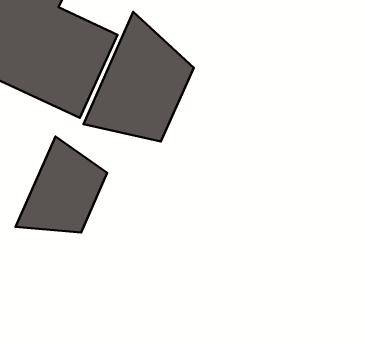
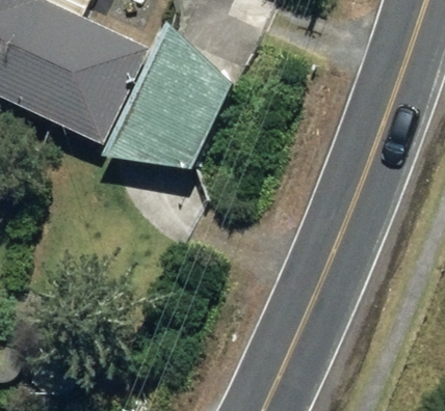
building: [16,137,107,232] -> none

